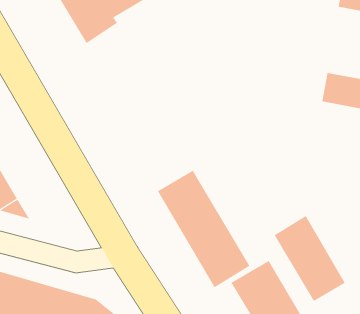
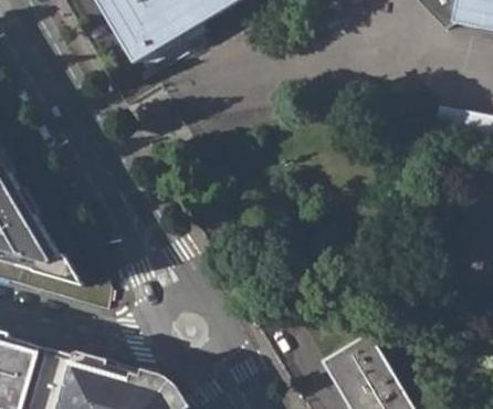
building: [157,170,250,288] -> none
building: [274,215,345,302] -> none

